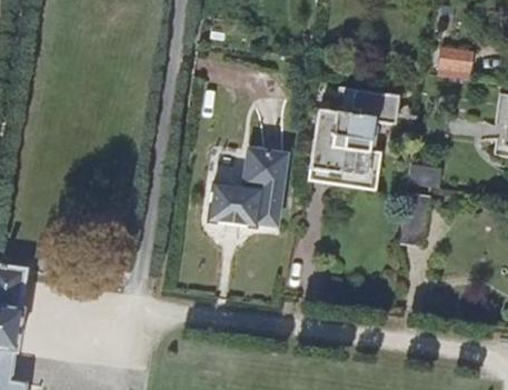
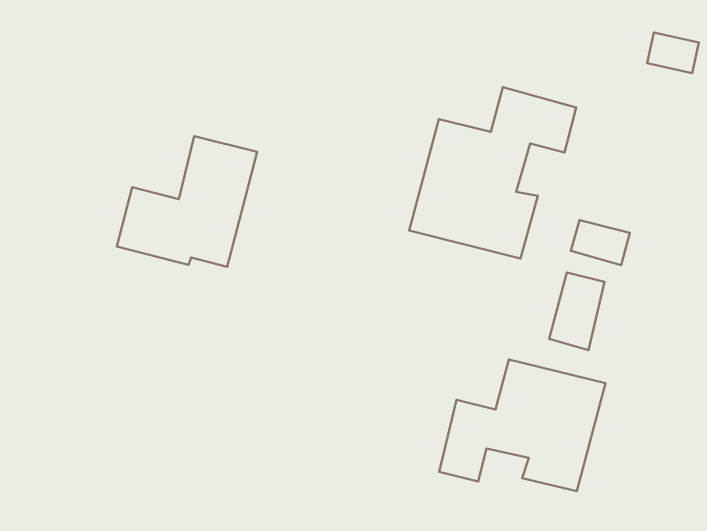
building: [208,150,287,228] -> [117,136,257,267]
building: none -> [439,359,605,491]

